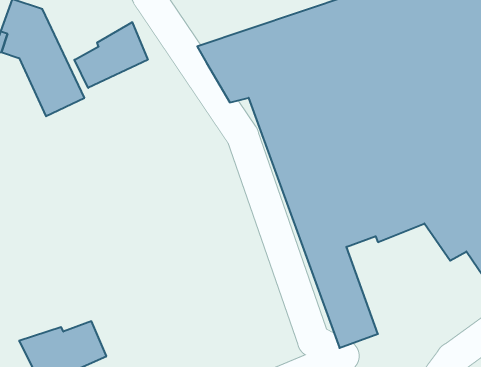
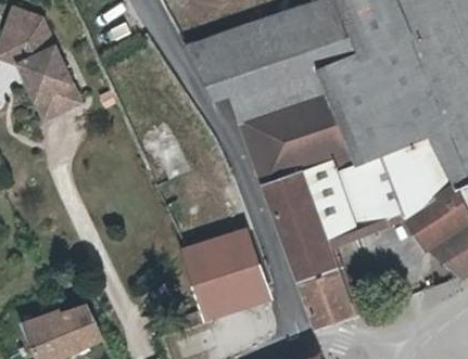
building: [74,22,148,88] -> none
building: none -> [180,230,273,323]

